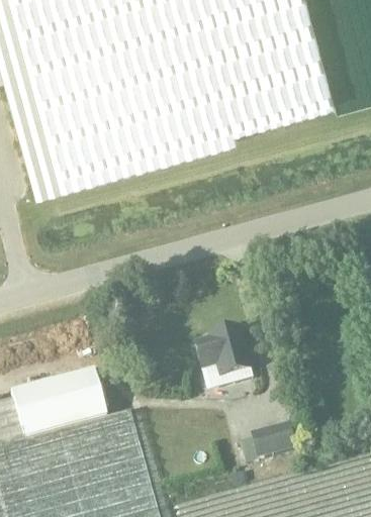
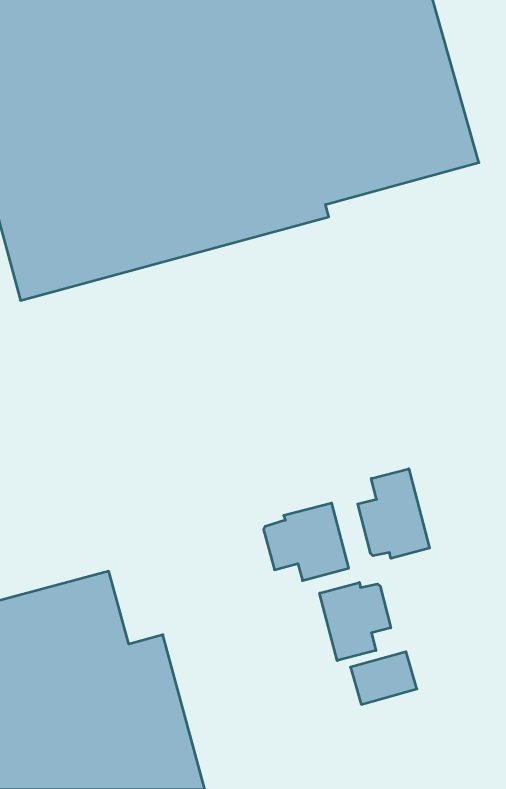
building: none -> [358,469,430,558]
building: none -> [320,582,391,661]

